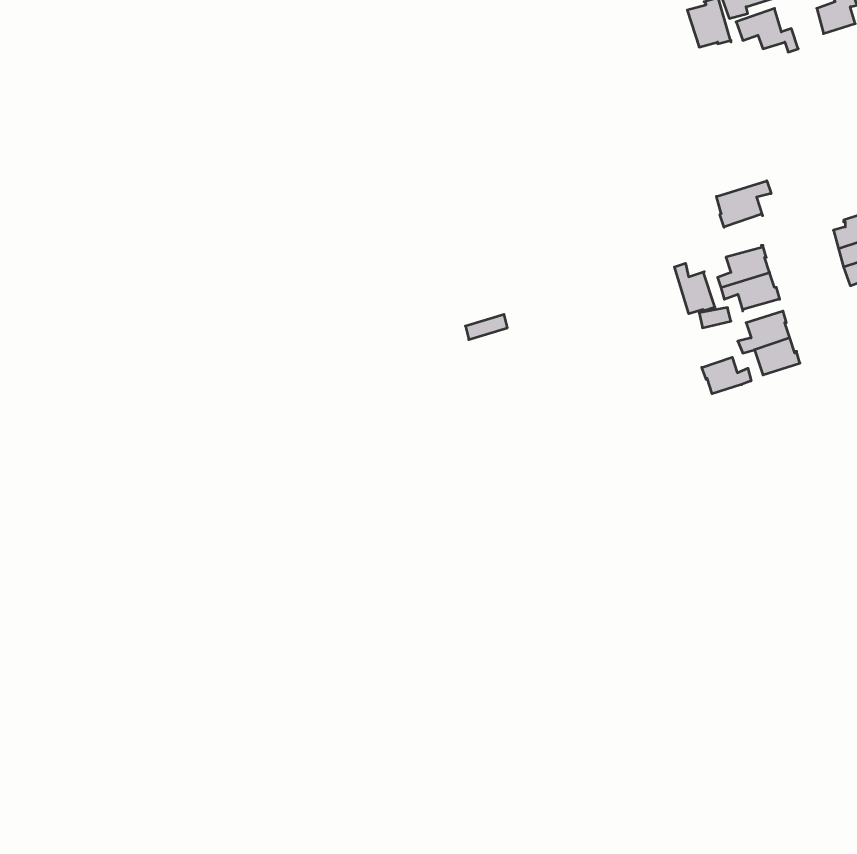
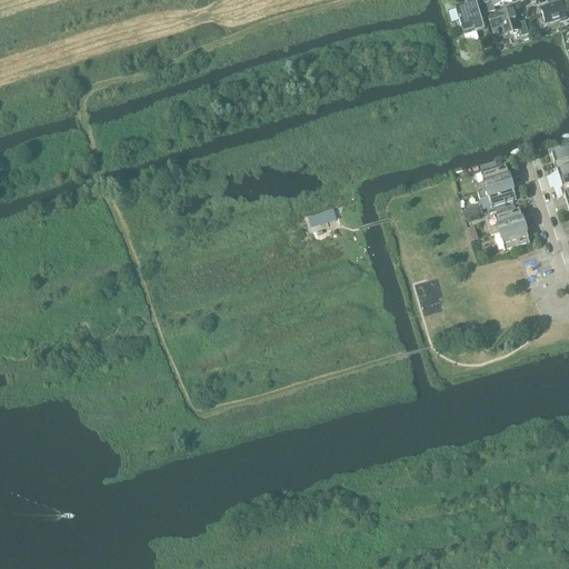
building: [716,181,771,227] -> none
building: [674,263,715,314] -> none
building: [702,357,751,394] -> none

